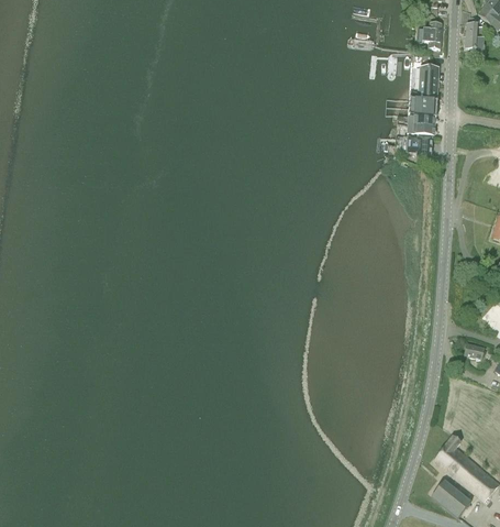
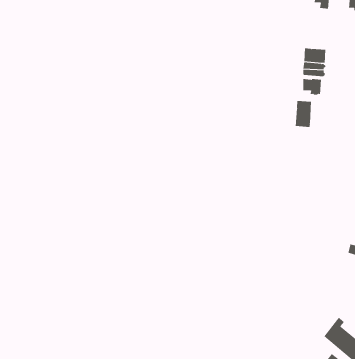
building: [419,65,438,99] -> none
building: none -> [295,100,311,128]

